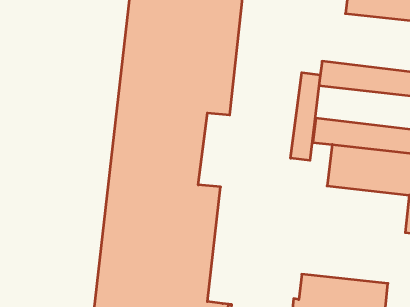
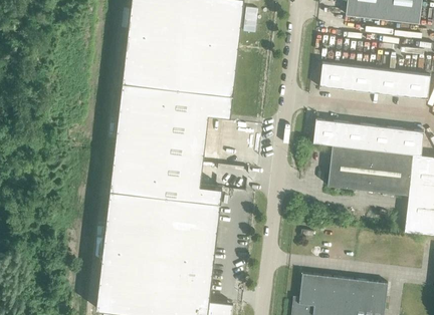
building: [291,73,320,160] -> none

